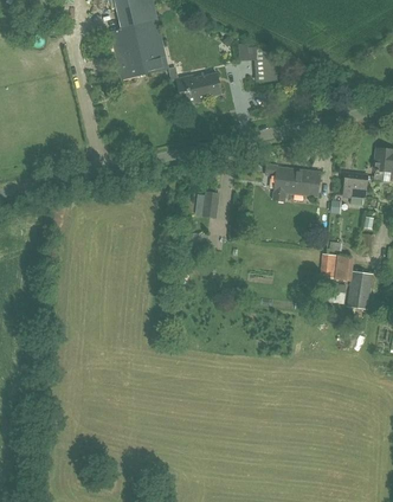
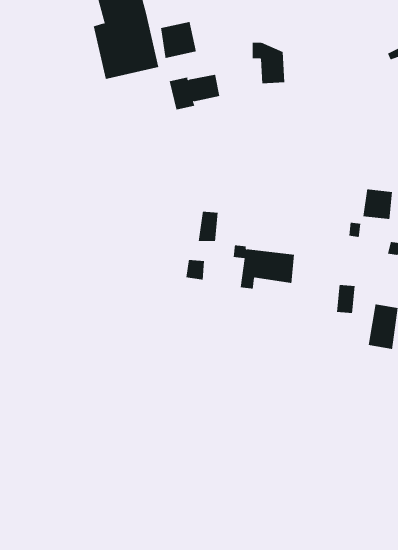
building: none -> [160,21,197,59]
building: [266,163,320,201] -> [233,245,295,289]

